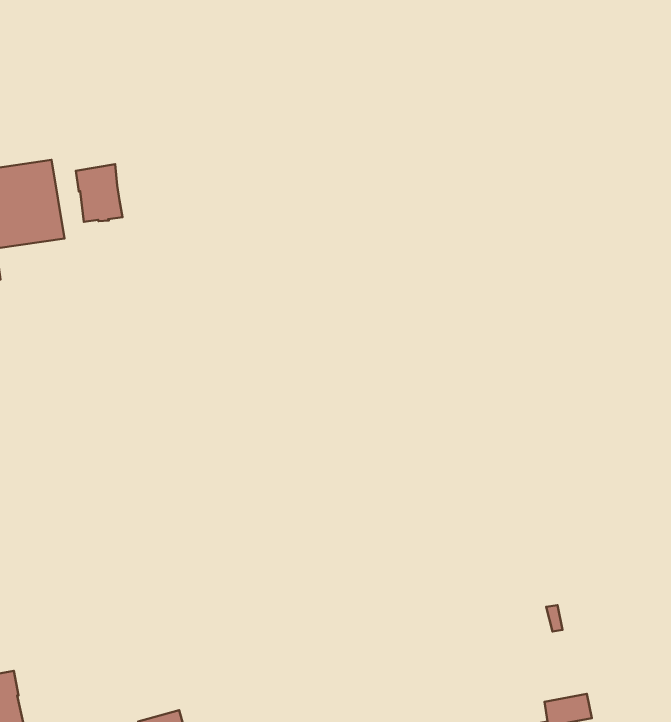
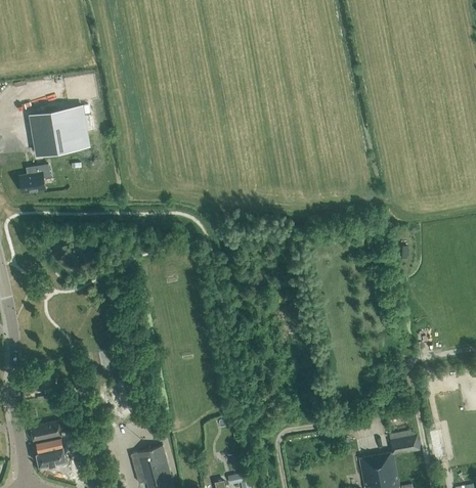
building: [76,164,123,222] -> none

